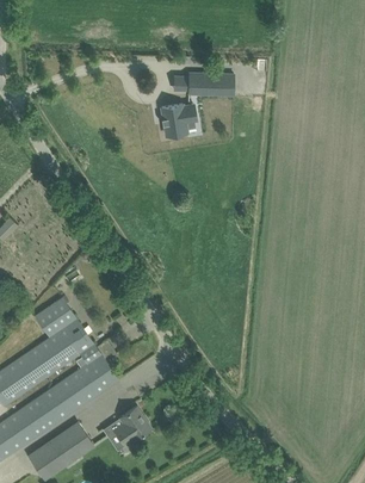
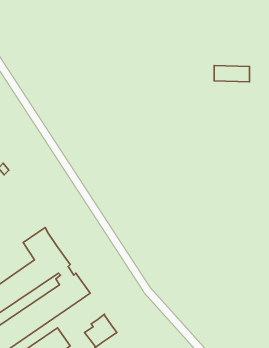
building: [188,73,233,93] -> [214,66,250,82]
building: [161,104,196,136] -> none

